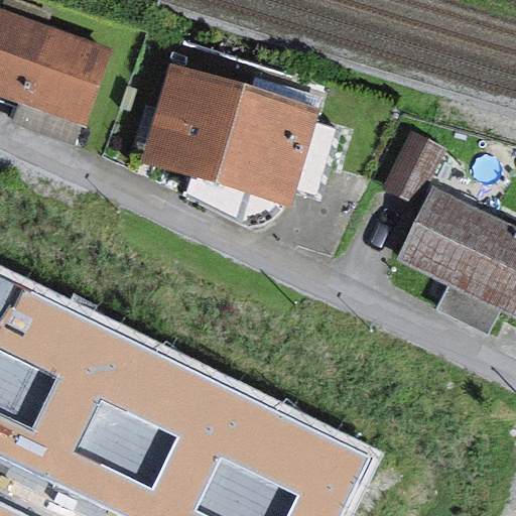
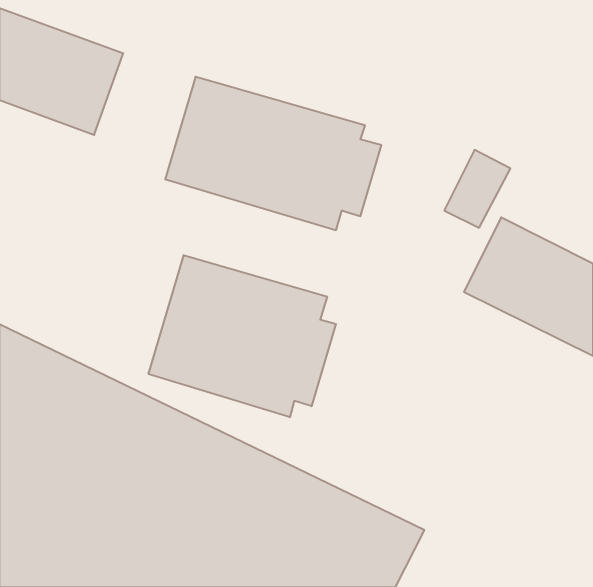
building: none -> [149,255,336,417]

